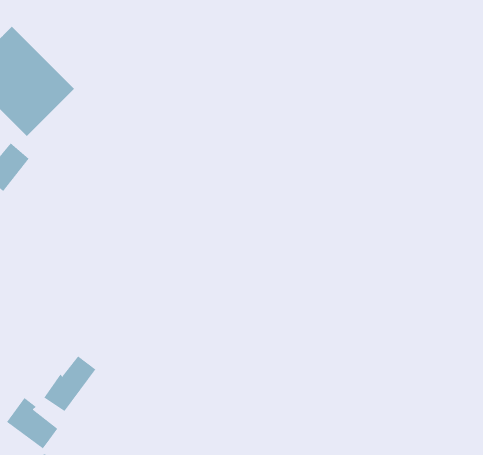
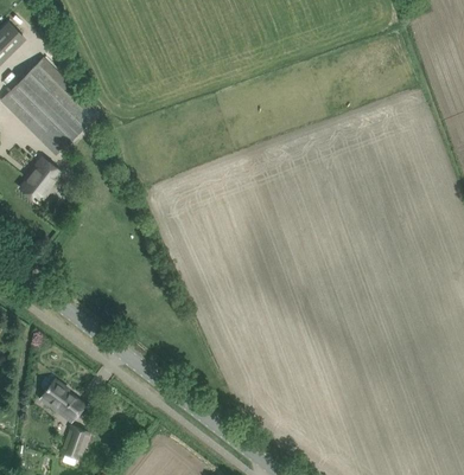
building: [43,355,96,412] -> none

